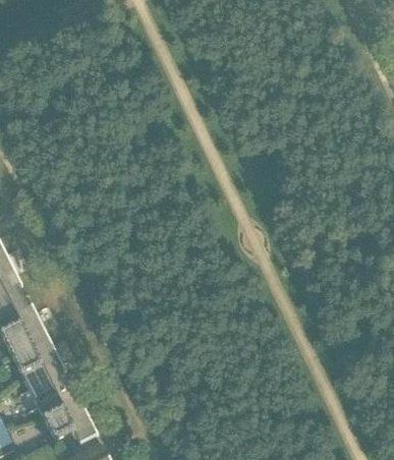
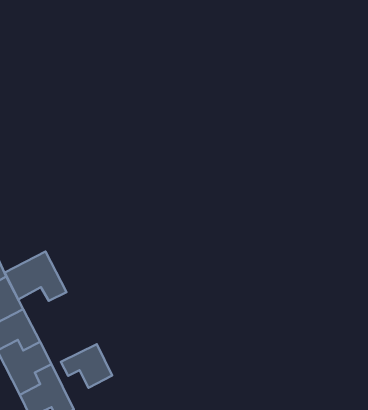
building: none -> [5,252,66,301]
building: none -> [61,344,112,388]

